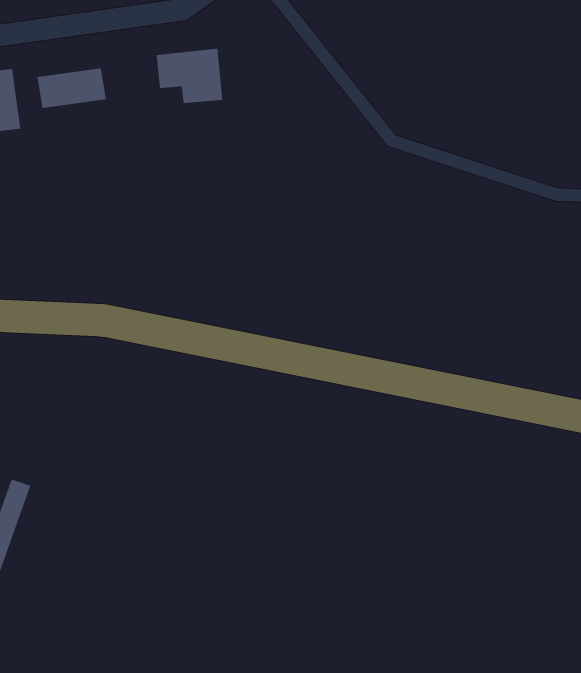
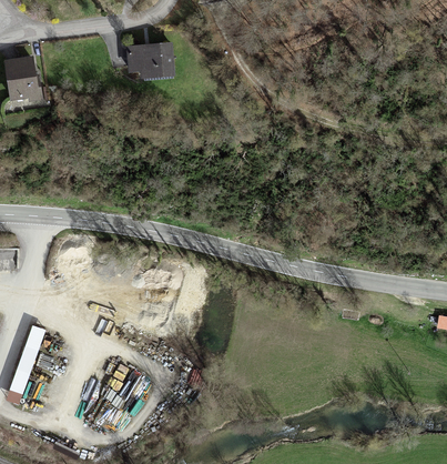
building: [37,67,107,109] -> none

